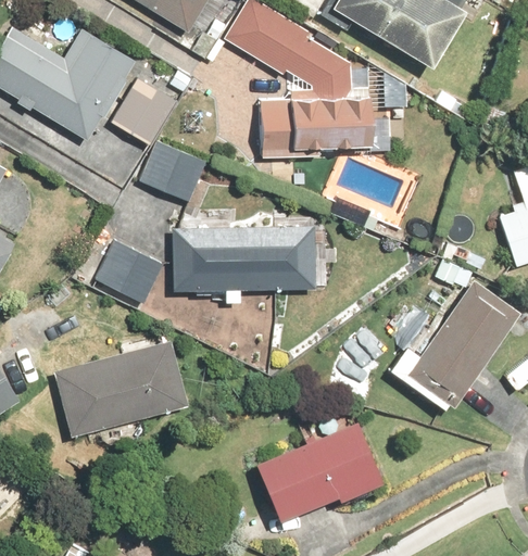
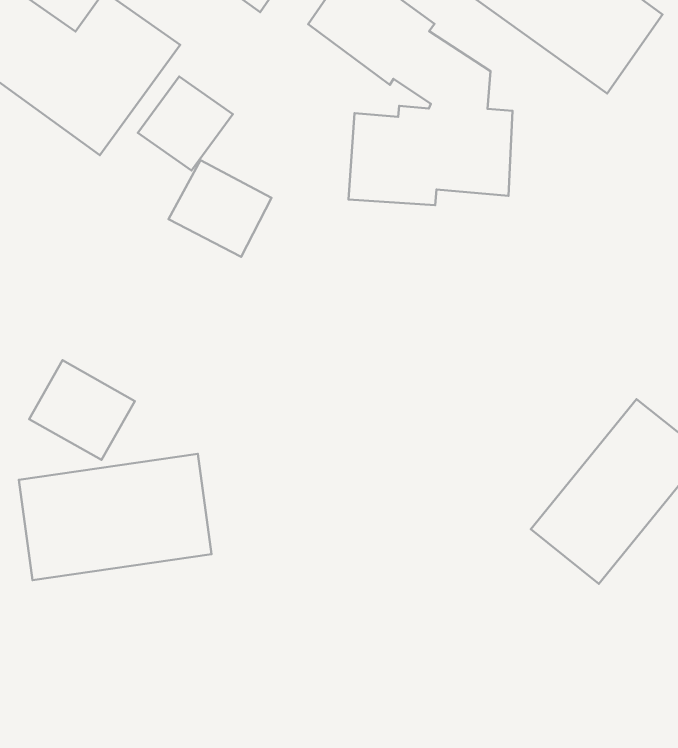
building: [173,226,316,291] -> none
building: [93,239,165,305] -> [29,360,135,460]
building: [253,421,385,527] -> none

